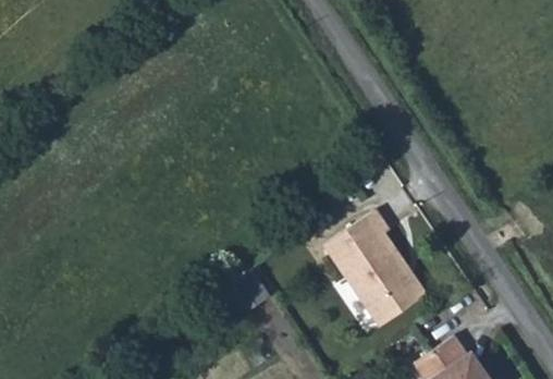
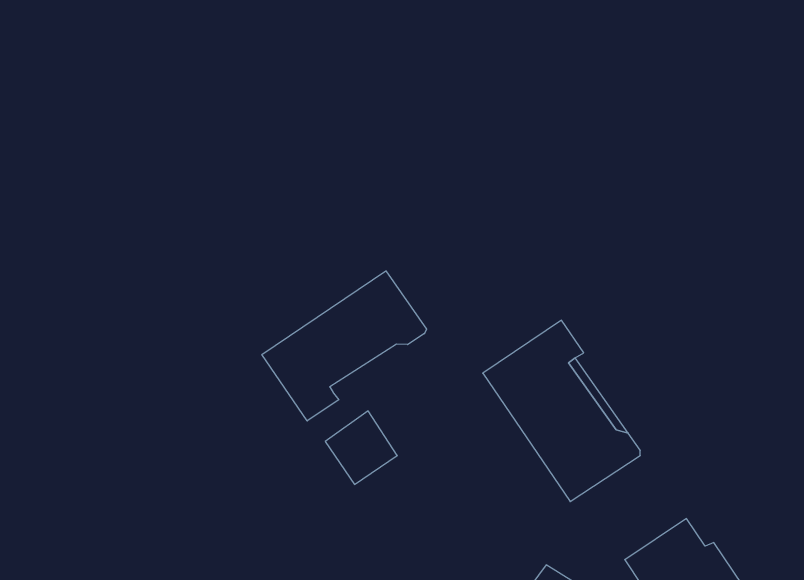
building: none -> [262,271,427,421]

